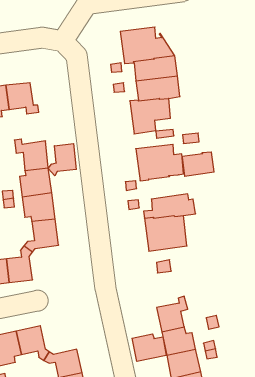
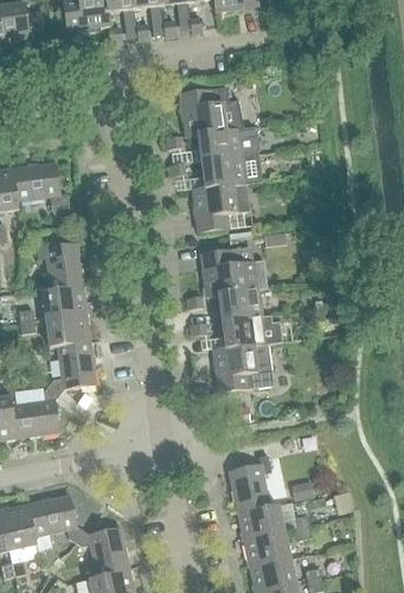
building: [48,144,76,176] -> none
building: [182,152,214,176] -> [218,288,262,321]
building: [132,334,166,361] -> none

